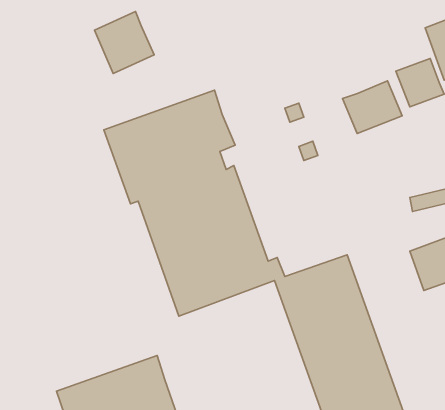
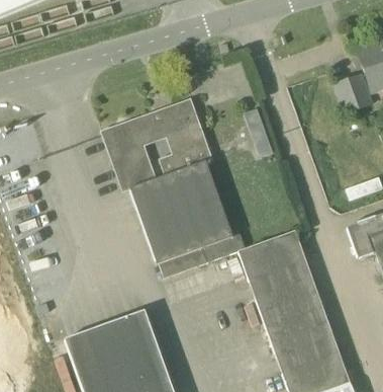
building: [95,12,154,73] -> none
building: [343,81,402,134] -> none

